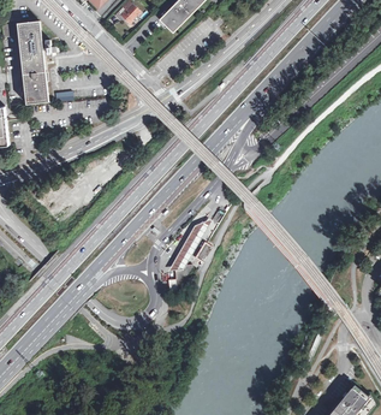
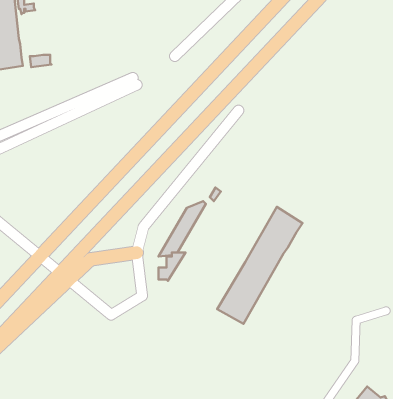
building: none -> [217,207,302,324]

